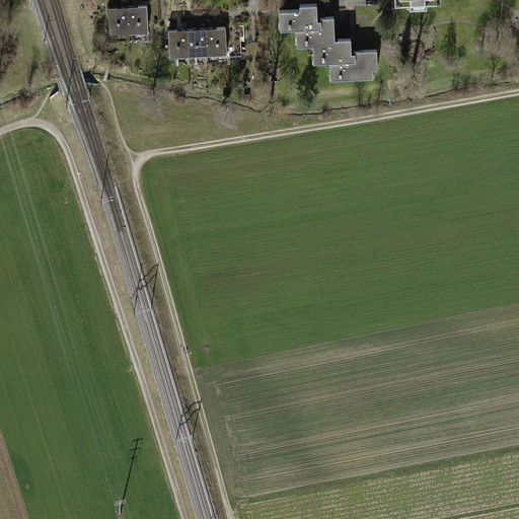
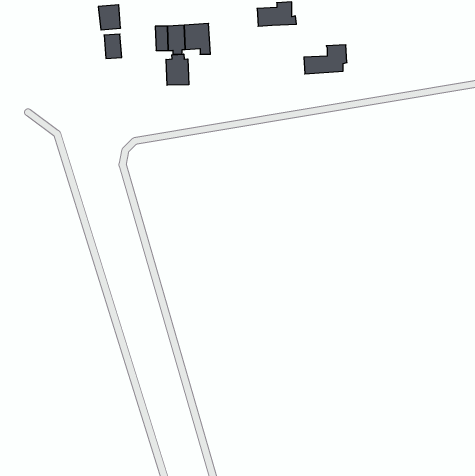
building: [129,6,148,32] -> [104,34,122,58]
building: [295,17,355,65] -> none
building: none -> [166,54,189,85]

